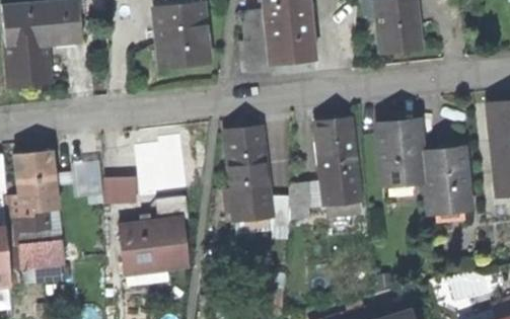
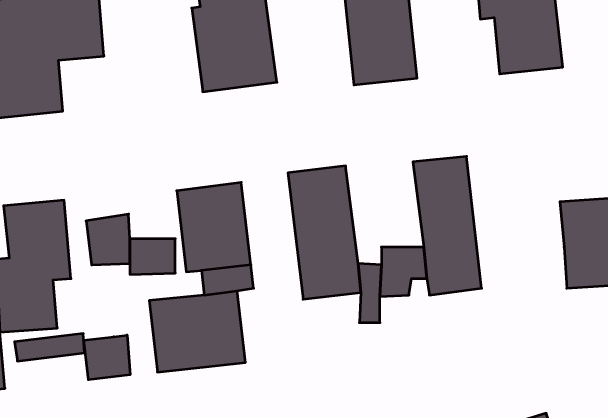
building: [376,119,425,187] -> none
building: none -> [84,335,130,380]

